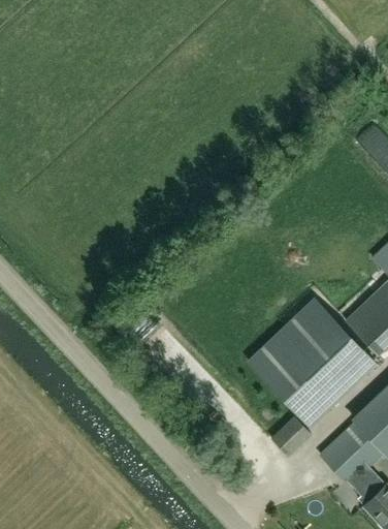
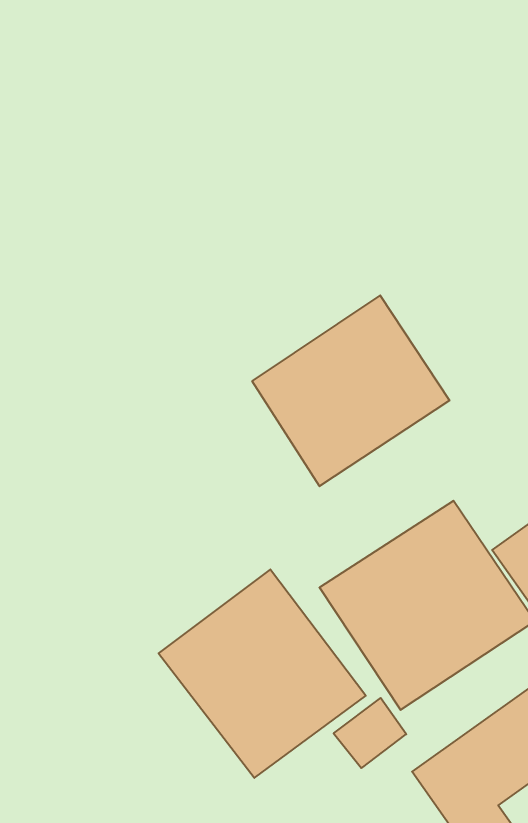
building: none -> [252,295,449,486]
building: none -> [159,569,366,778]

